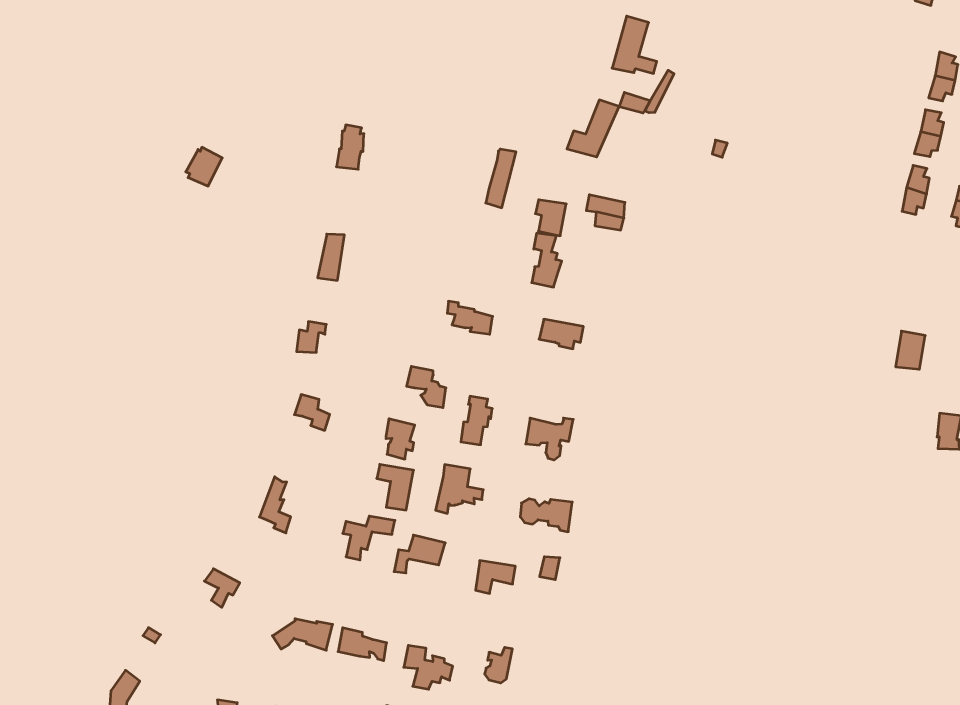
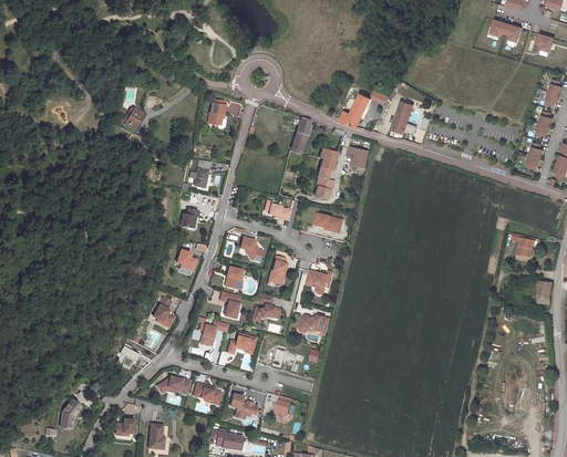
building: [612,16,657,73] -> [391,101,416,134]

